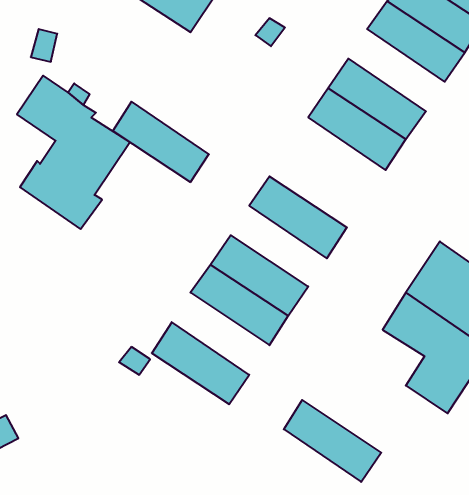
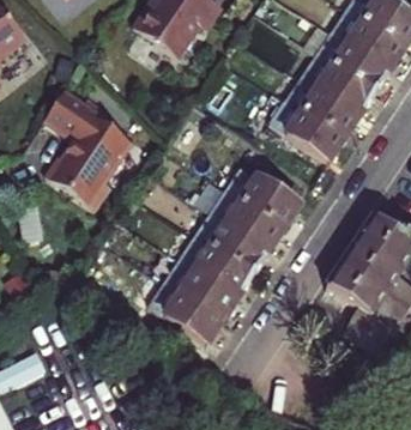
building: none -> [301,54,375,117]
building: [113,102,209,182] -> [210,190,284,253]
building: [284,400,381,482] -> [164,258,240,321]

